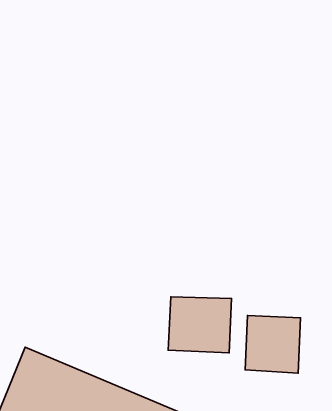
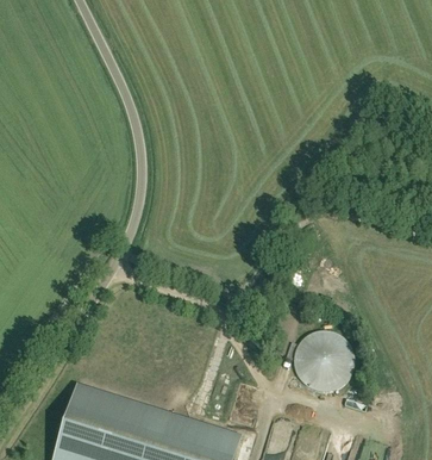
building: [168,297,232,353] -> none

